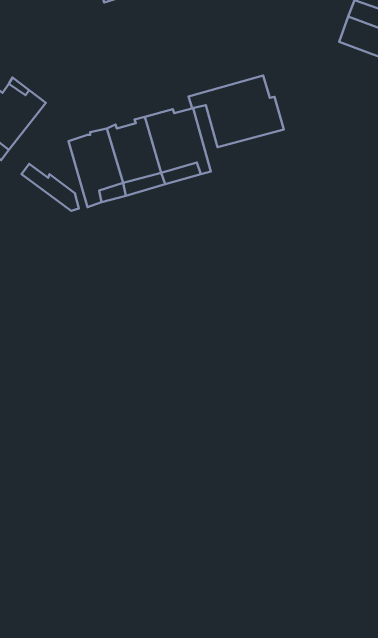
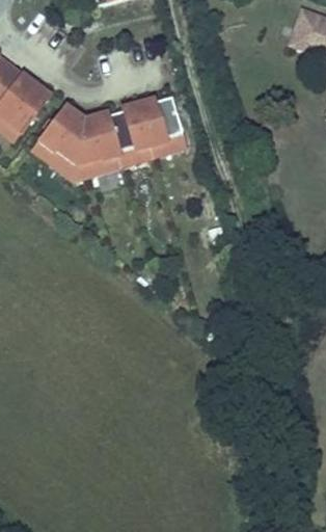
building: [188,75,284,147] -> none
building: none -> [36,103,84,178]

